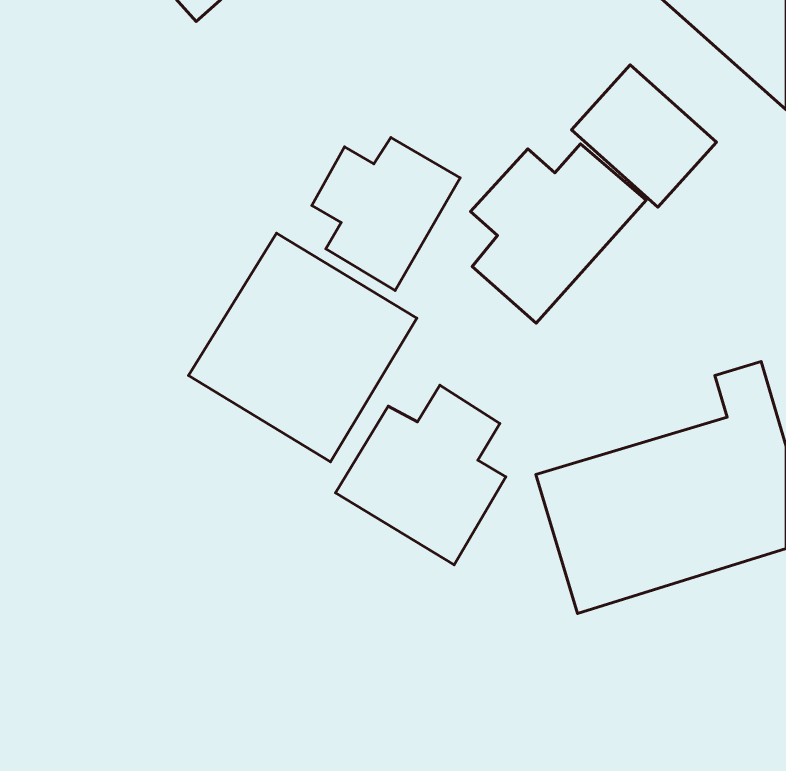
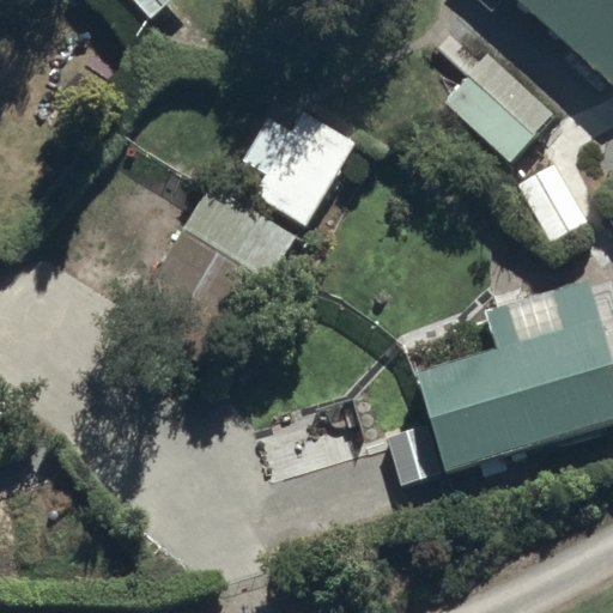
building: [470,144,646,323] -> none
building: [336,385,506,565] -> none

